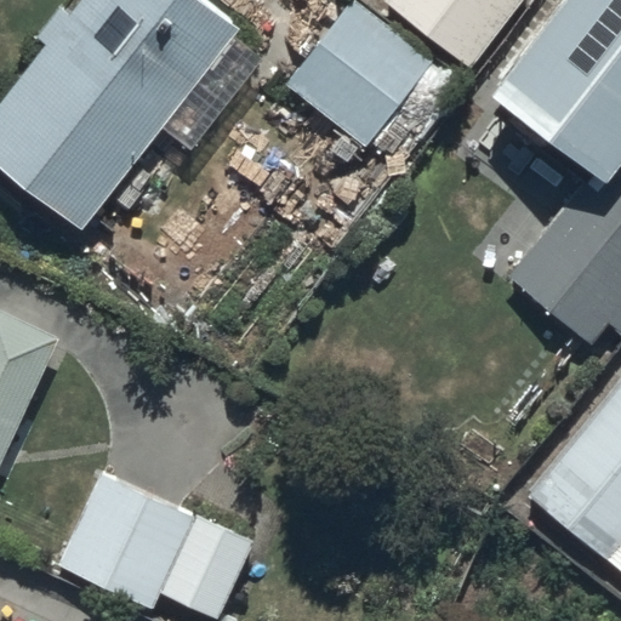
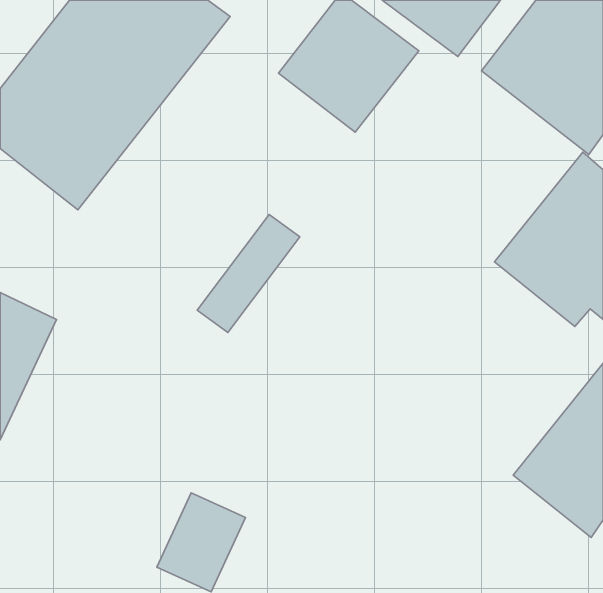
building: [59,475,192,608] -> none

